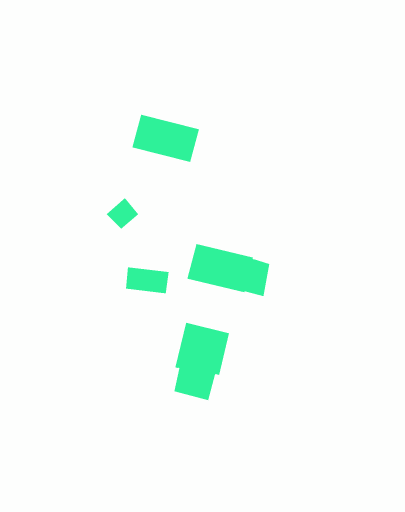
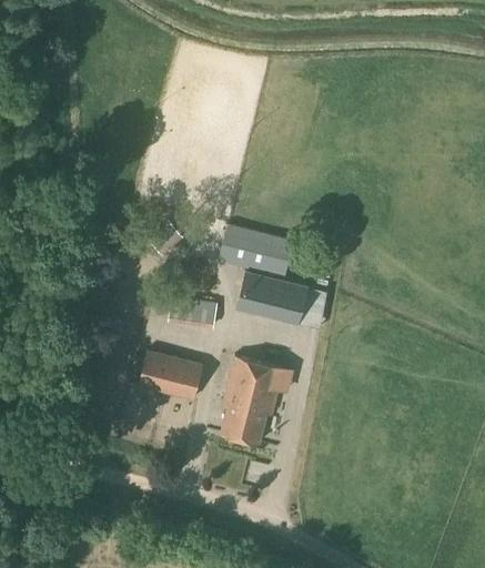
building: [131,114,200,163] -> [219,225,294,278]
building: none -> [138,351,204,402]

